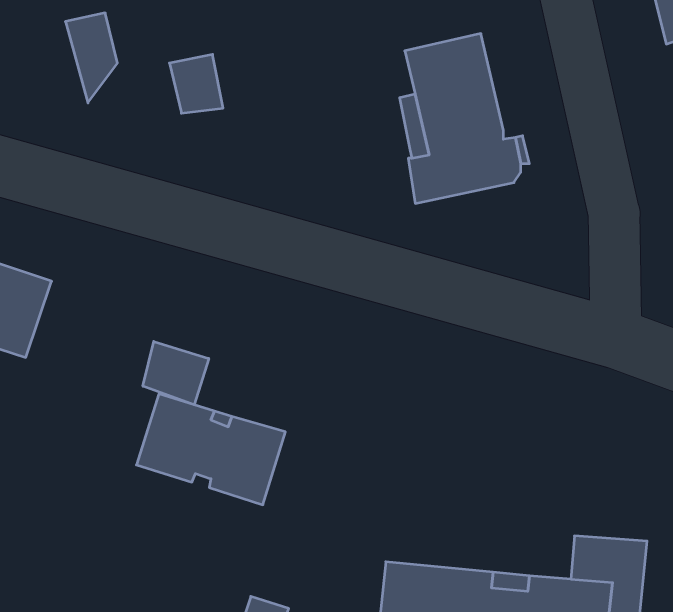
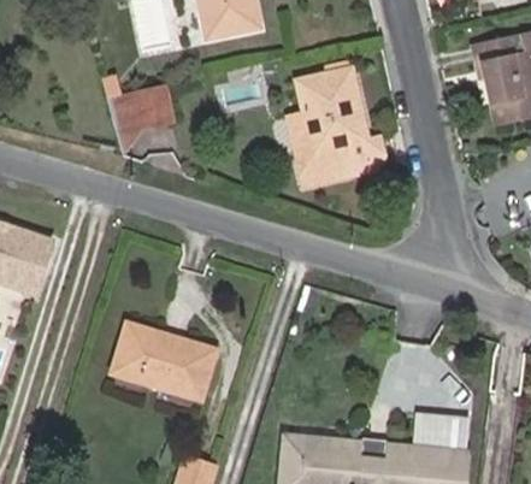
building: [65,13,117,103] -> [106,90,142,153]
building: [143,341,209,405] -> none

